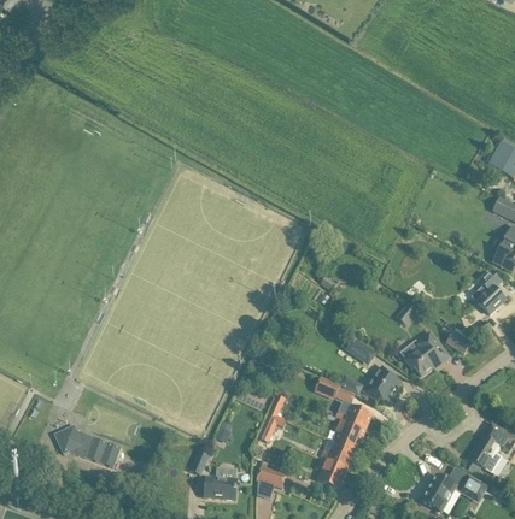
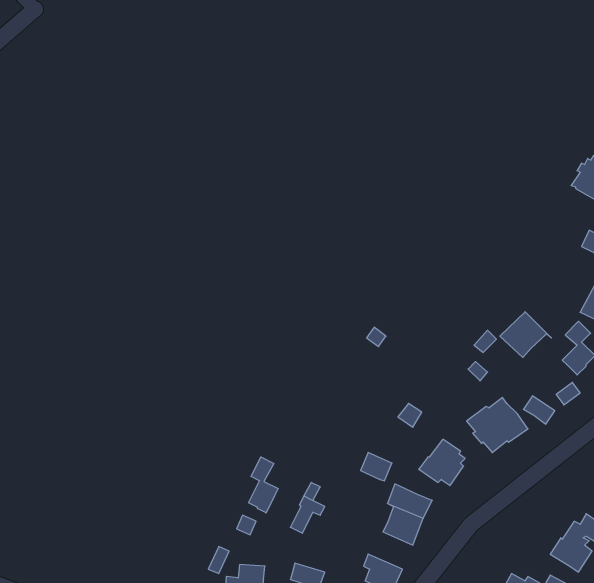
building: none -> [500,312,551,357]
building: none -> [249,457,278,513]
building: [54,426,121,468] -> none
building: [321,441,357,472] -> none

